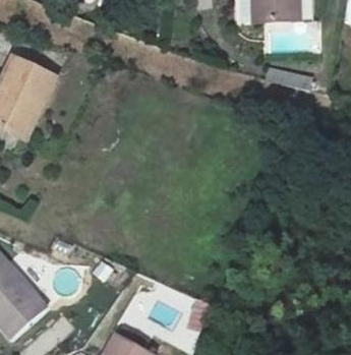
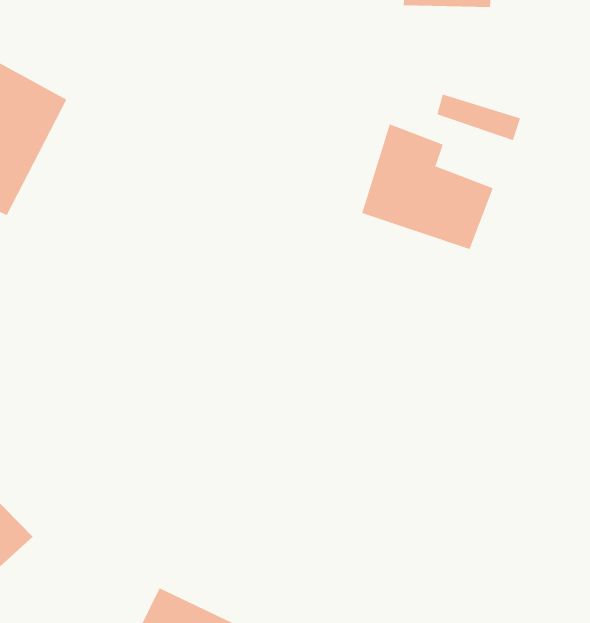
building: none -> [361,124,494,250]

